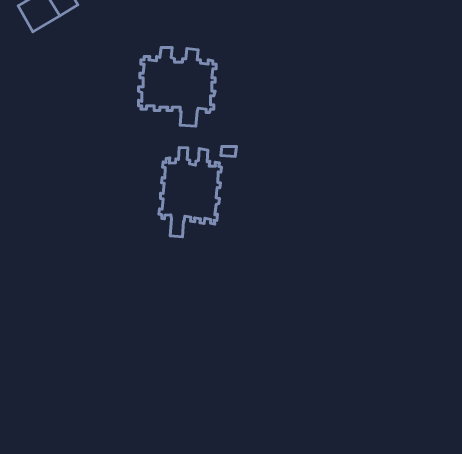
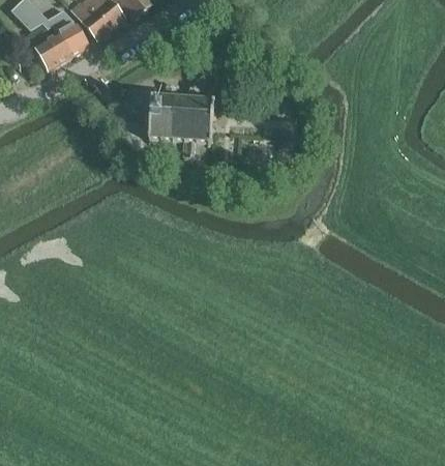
building: [159,148,221,237] -> none

